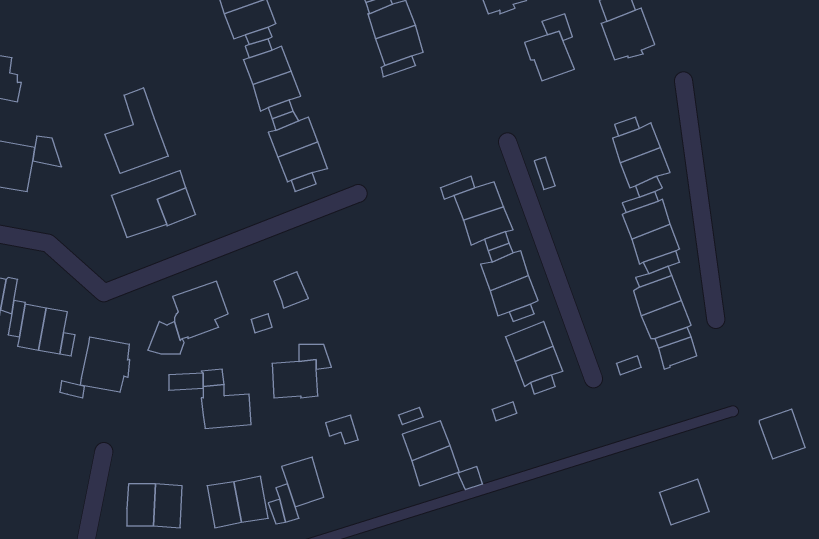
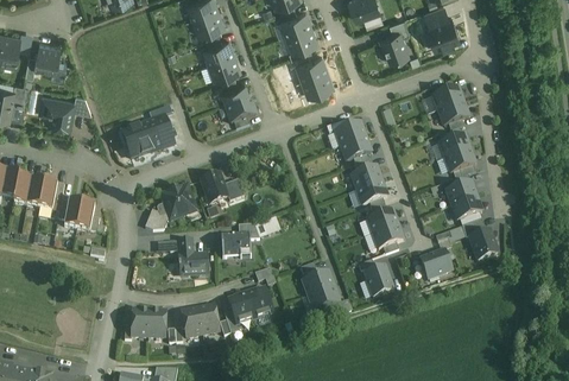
building: none -> [295,52,334,95]
building: [105,88,168,173] -> none
building: none -> [200,171,227,202]
building: [80,337,129,392] -> none
building: [759,409,805,459] -> [468,228,497,259]
building: none -> [363,265,392,296]
building: none -> [246,286,272,317]
building: [659,479,709,525] -> [419,249,450,278]

